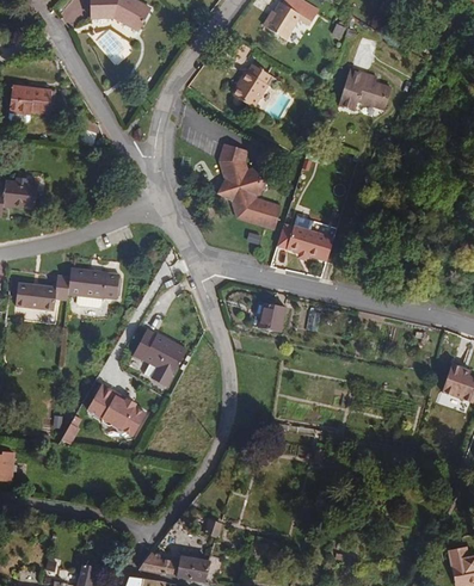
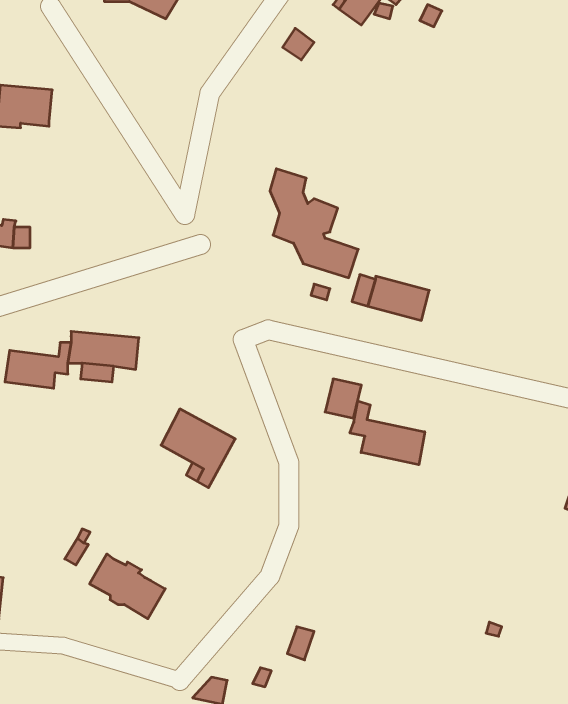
building: [234,61,278,103] -> none
building: [338,66,392,109] -> none
building: none -> [350,401,425,465]
building: [88,387,146,436] -> [90,554,165,619]

